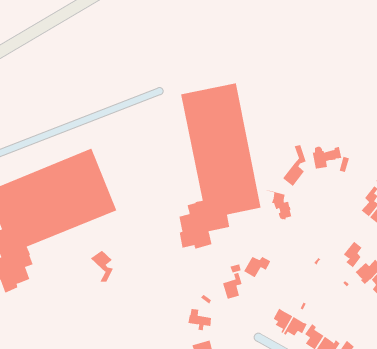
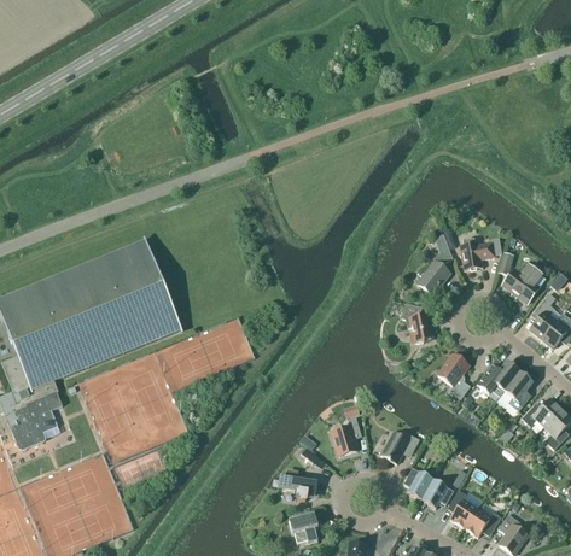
building: [179,83,261,249] -> none
building: none -> [503,263,541,302]
building: none -> [437,352,471,398]
building: none -> [477,361,520,394]
building: [90,250,114,282] -> none
building: [243,256,271,278] -> [380,432,420,463]

